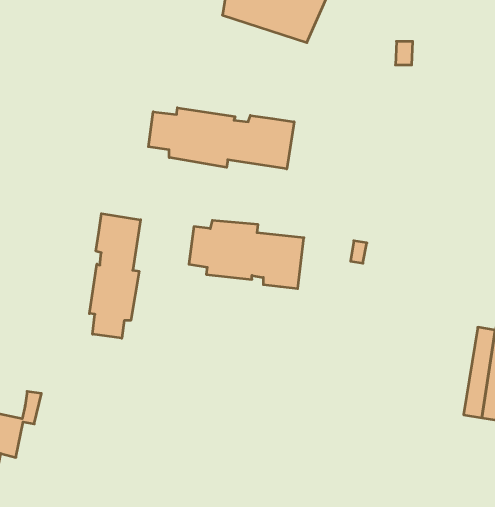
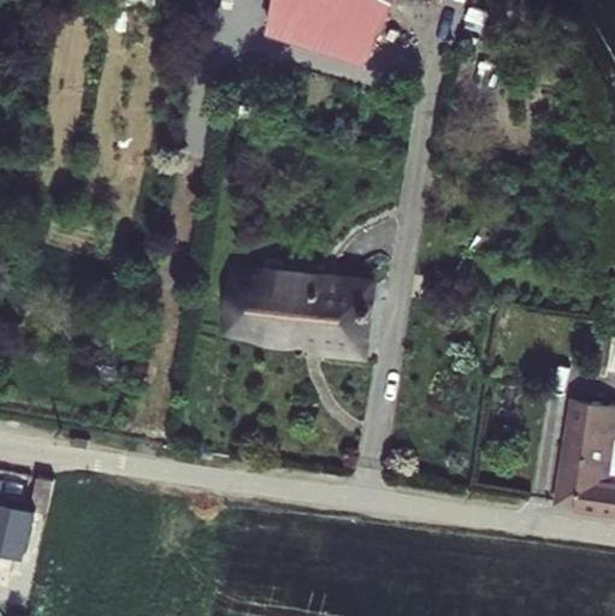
building: [148,108,294,169] -> none
building: [89,214,141,338] -> none

